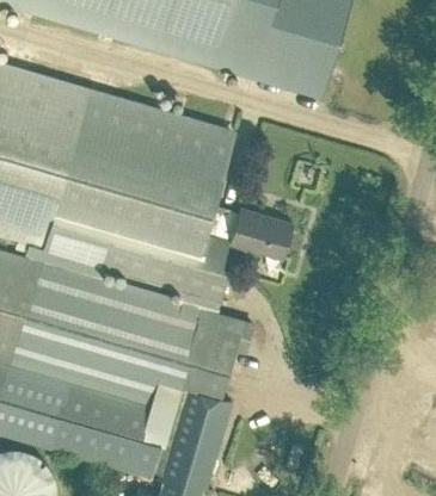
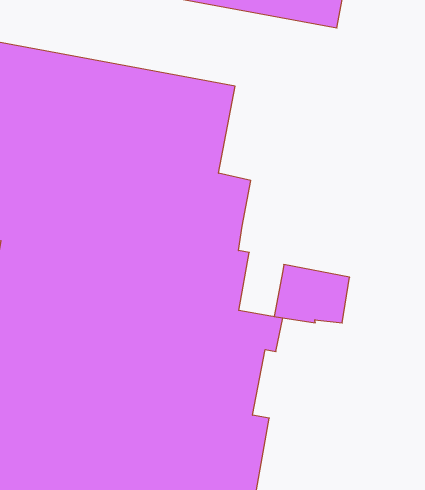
building: [228,206,291,258] -> [274,265,350,323]

